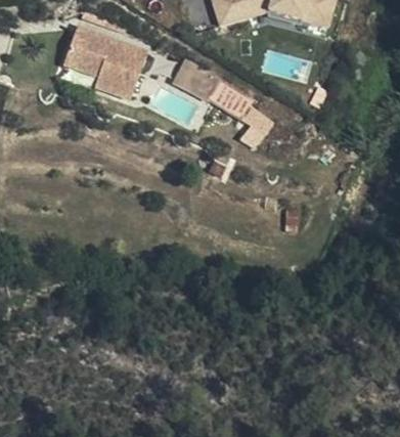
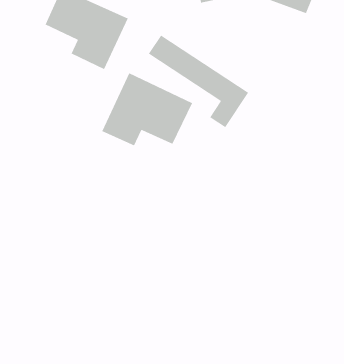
building: none -> [101,72,193,146]

